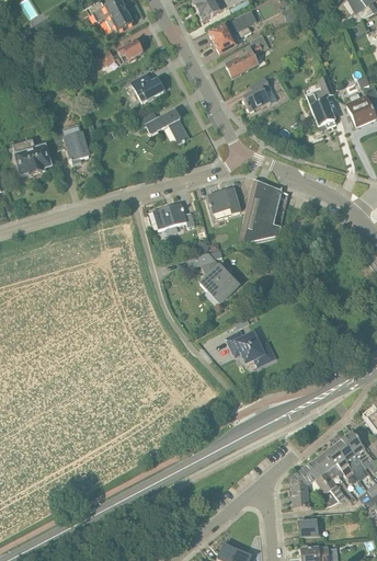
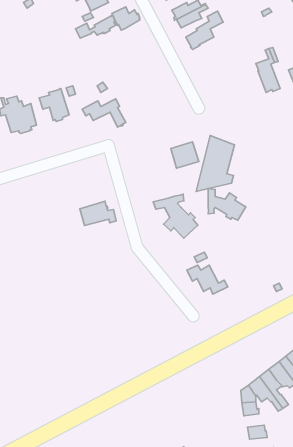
building: [132,73,164,101] -> [112,7,140,30]
building: [243,77,277,110] -> none
building: [137,108,188,141] -> [82,99,126,127]
building: [152,201,195,229] -> [80,201,116,226]
building: none -> [208,188,246,220]

